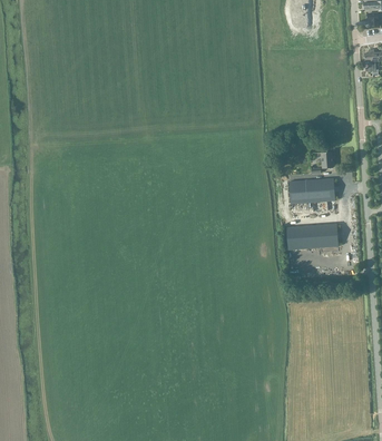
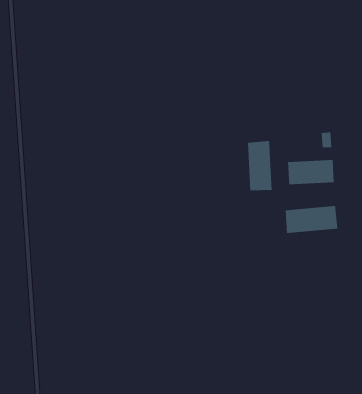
building: none -> [248,140,272,191]

